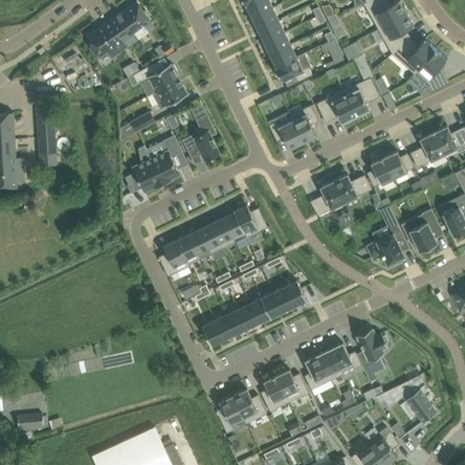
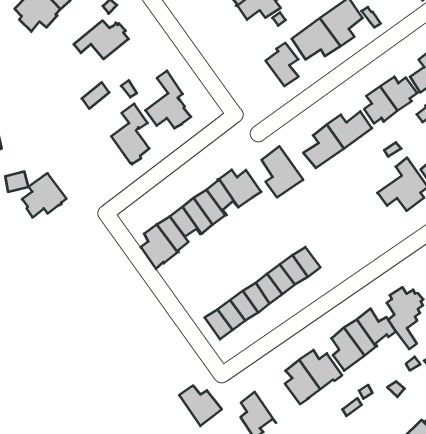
building: [146,81,187,110] -> none
building: [267,119,302,151] -> none
building: [124,160,161,195] -> [22,173,66,217]
building: none -> [262,146,303,197]
building: [233,390,266,425] -> [179,386,222,426]

